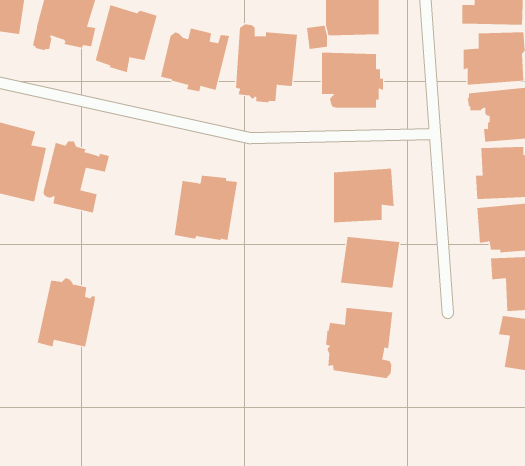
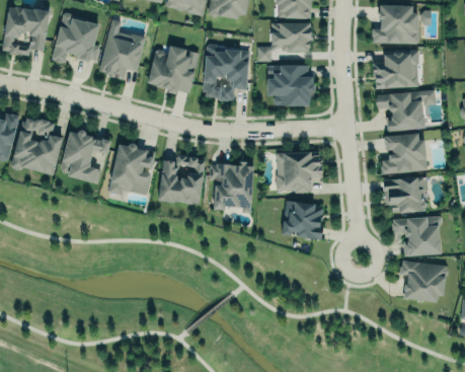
building: none -> [210,160,254,212]
building: [37,277,95,347] -> [109,143,153,195]
building: [325,307,393,379] -> none

